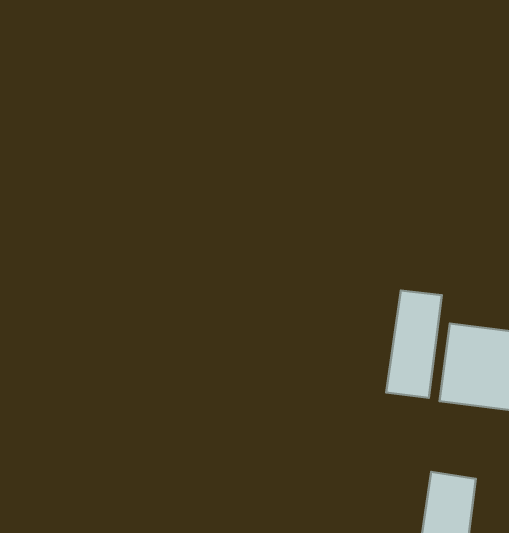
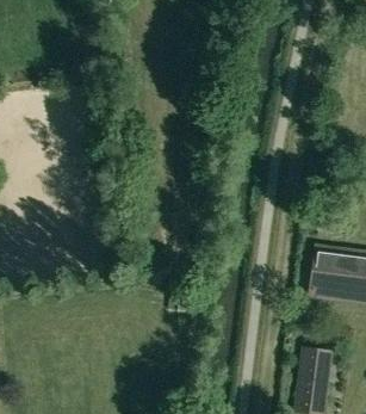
building: [386,290,442,398] -> none

